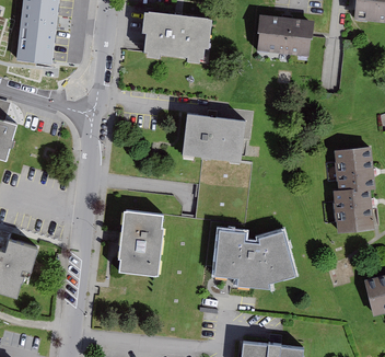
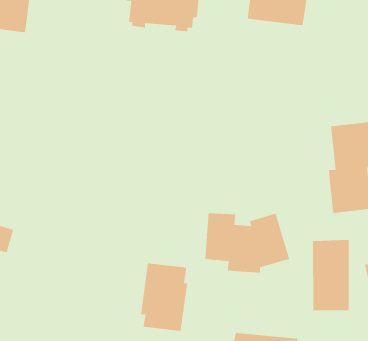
building: [183,113,246,160] -> none
building: [118,209,163,274] -> [140,263,188,332]
building: none -> [312,239,349,311]

